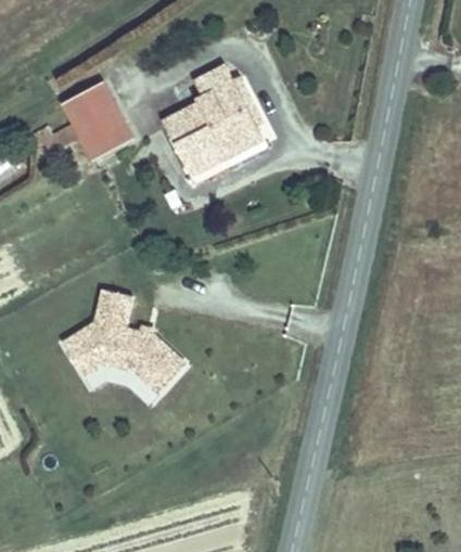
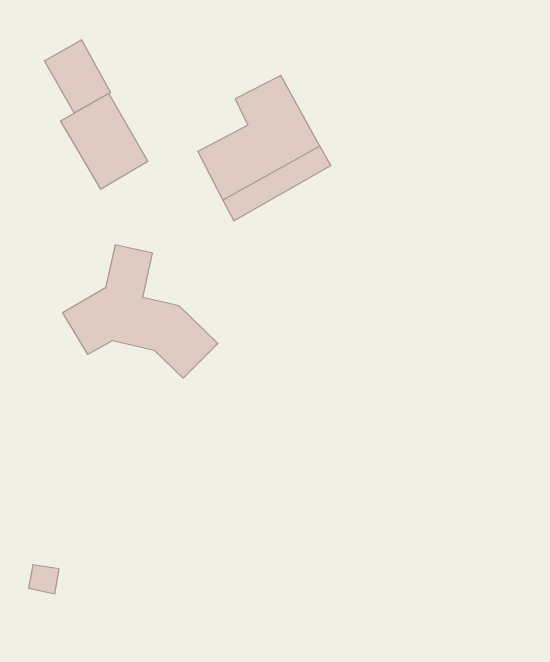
building: none -> [44,40,111,113]
building: [56,300,178,405] -> [63,245,218,378]

